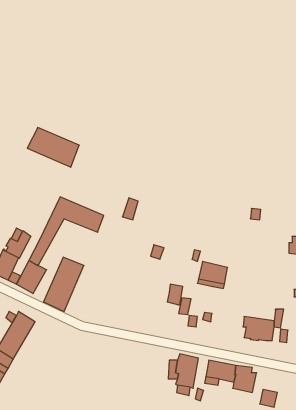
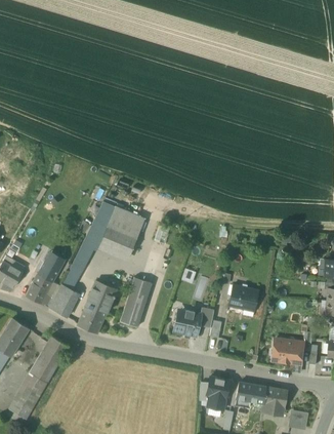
building: [27,127,79,167] -> [92,201,143,240]
building: none -> [120,277,151,327]
building: none -> [173,310,200,337]

